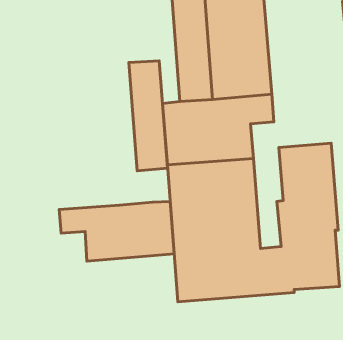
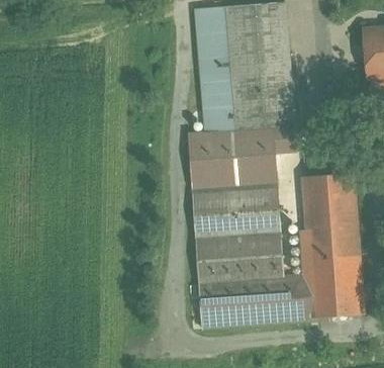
building: [129,61,167,171] -> none
building: [59,201,174,261] -> none

